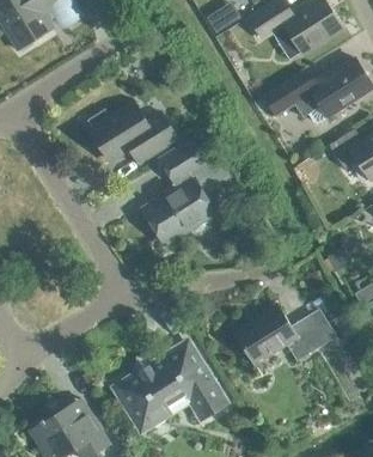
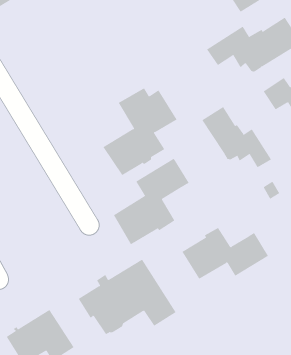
building: [87,103,178,165] -> none
building: none -> [202,106,272,168]
building: none -> [113,158,189,245]

